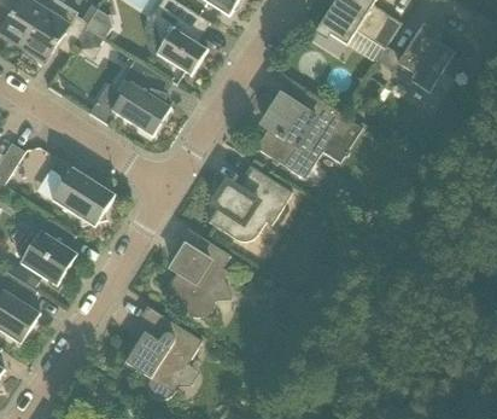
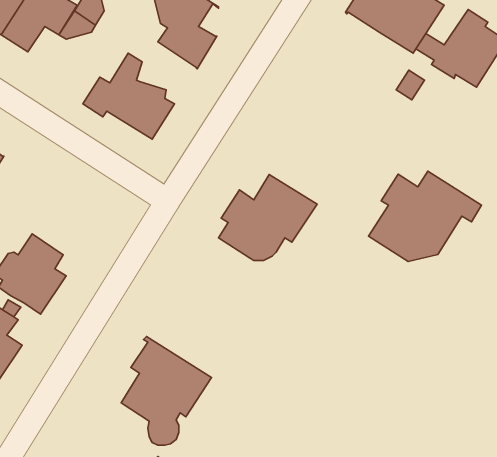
building: [255,91,351,168] -> [369,171,481,261]
building: [48,156,115,225] -> none
building: [163,234,229,316] -> none

